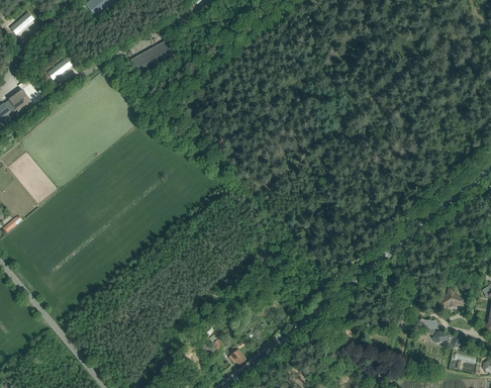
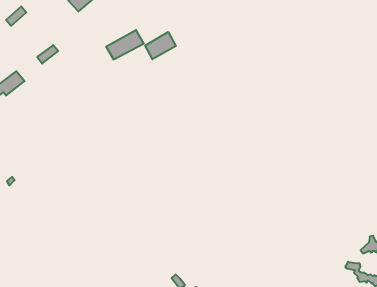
building: none -> [145,32,176,59]

